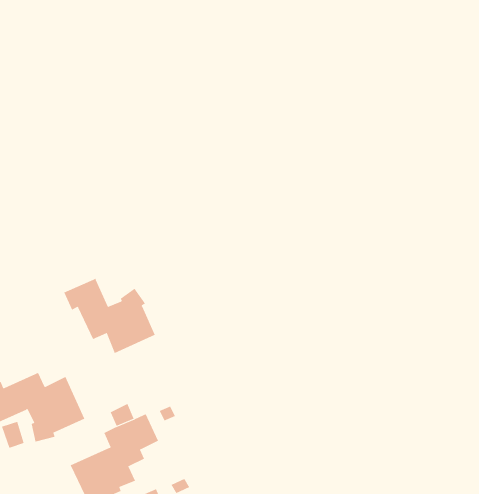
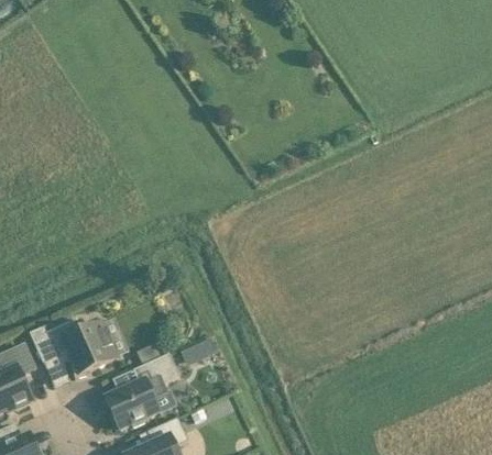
building: [64,278,156,354] -> none

